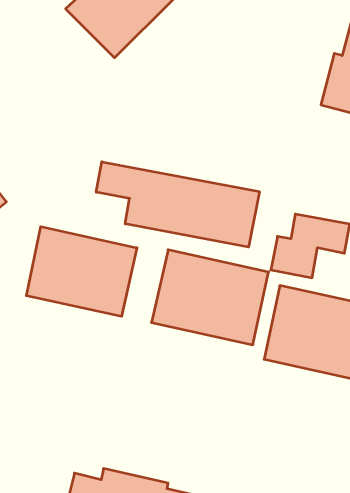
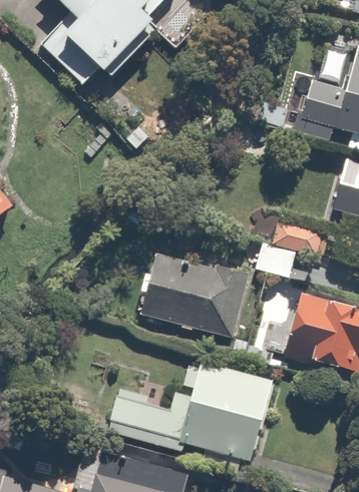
building: [96,162,259,247] -> none
building: [26,227,137,316] -> none
building: none -> [102,361,276,460]

